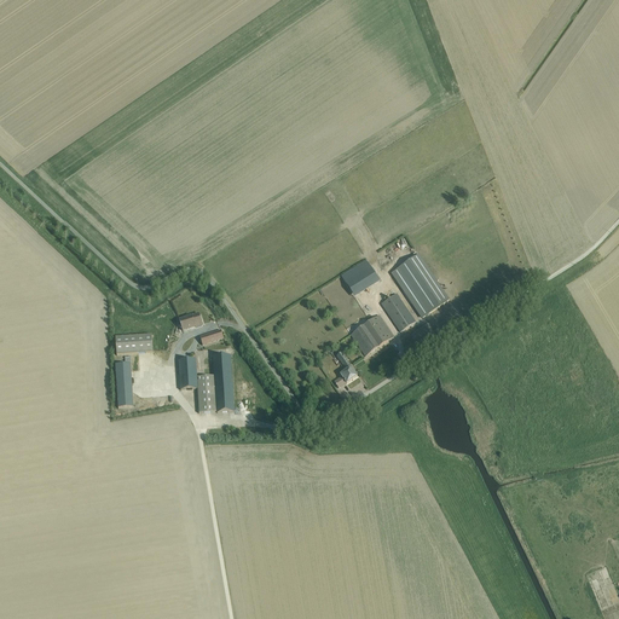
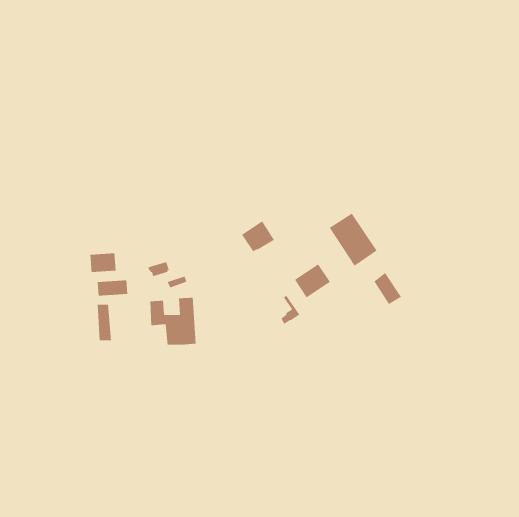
building: [340,258,380,296] -> [241,221,275,253]
building: [381,291,415,330] -> [373,272,402,305]
building: none -> [90,252,116,273]

